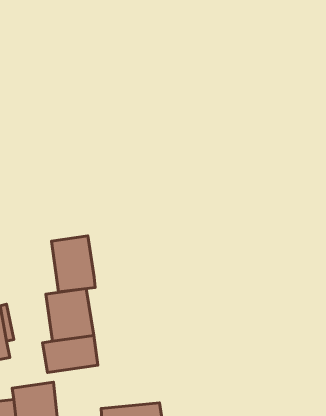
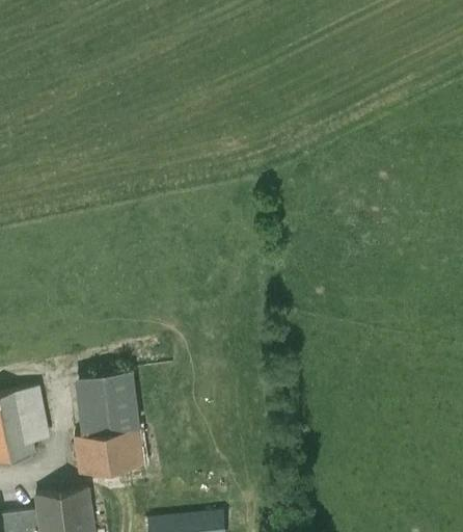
building: [52,236,95,292] -> none

